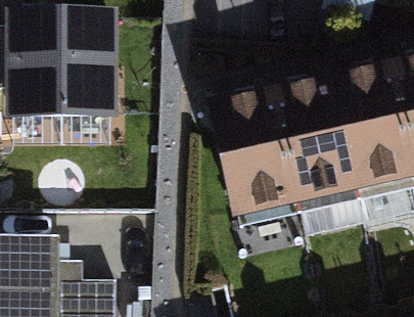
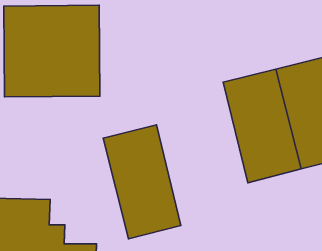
building: [202,99,293,232] -> [103,125,181,239]

